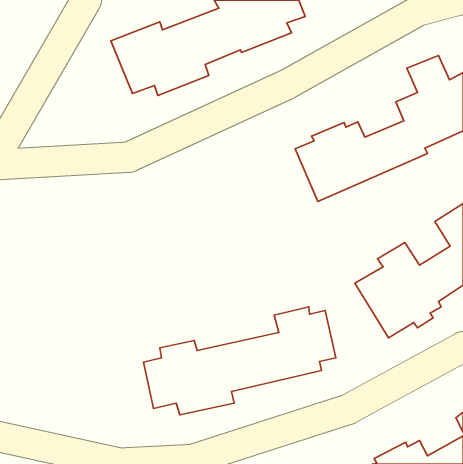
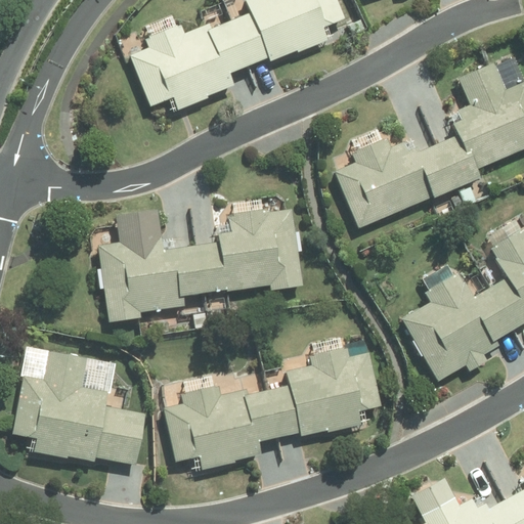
building: none -> [99,208,305,321]
building: none -> [14,350,146,463]

